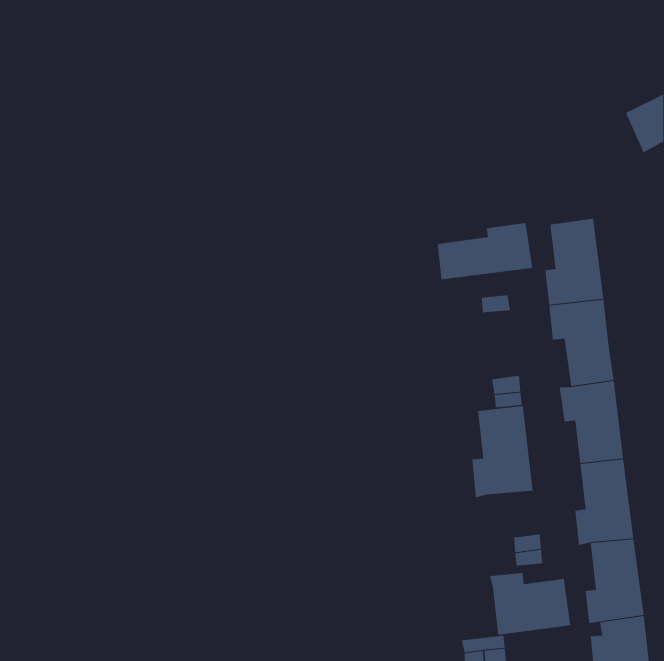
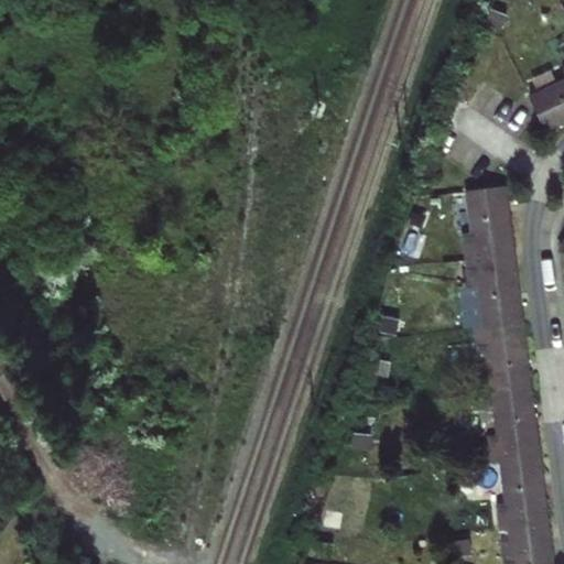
building: [437,222,533,280] -> none
building: [472,405,533,498] -> none
building: [490,572,571,636] -> none

